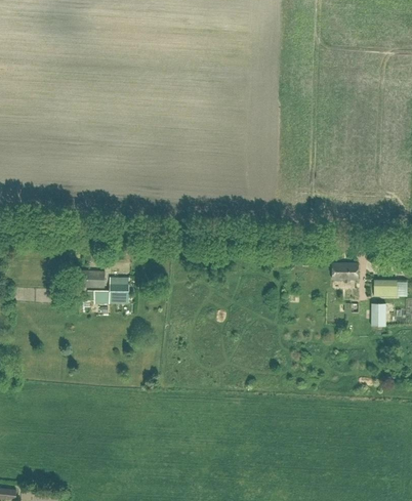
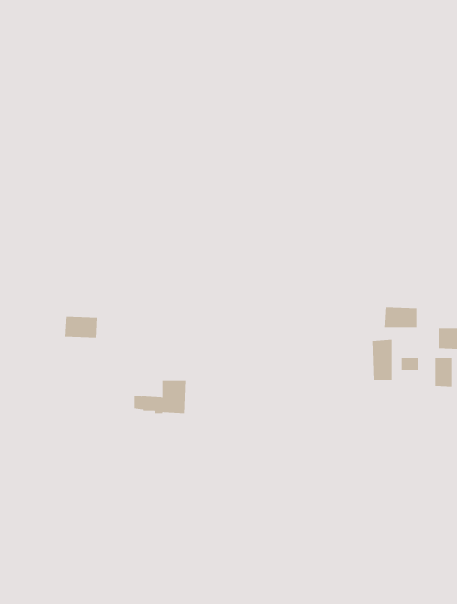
building: [87,278,129,304] -> [134,380,187,414]
building: none -> [372,339,392,381]

